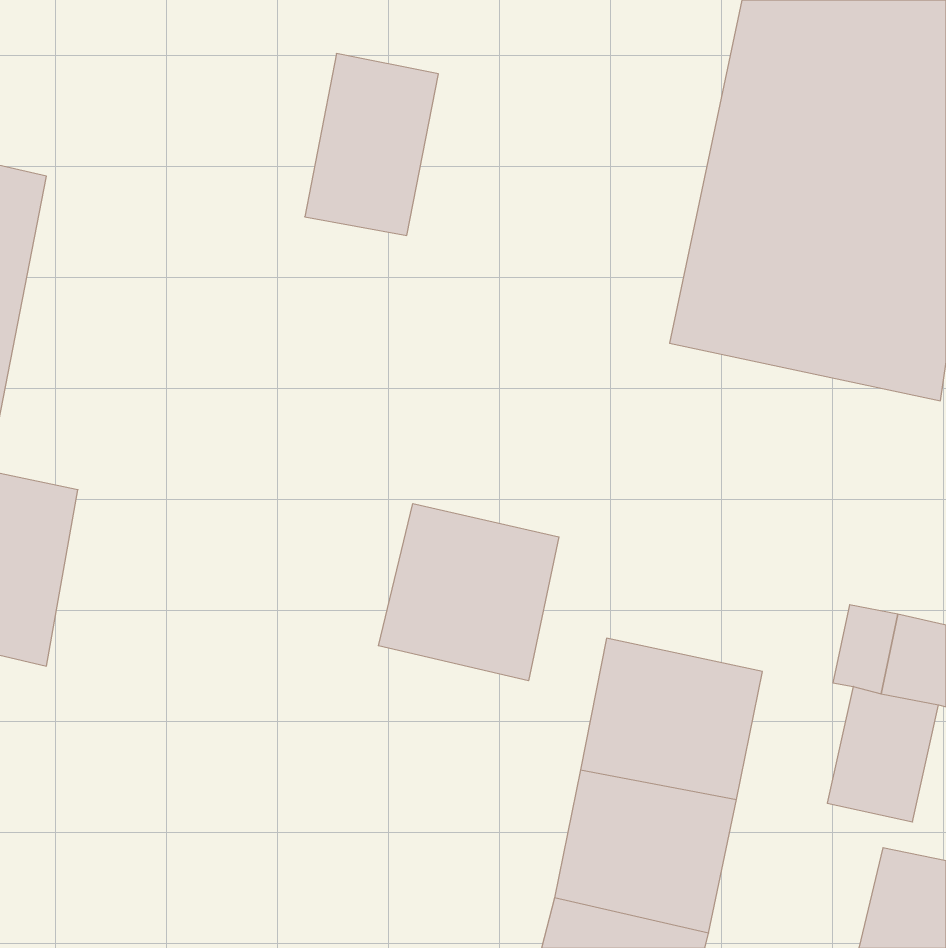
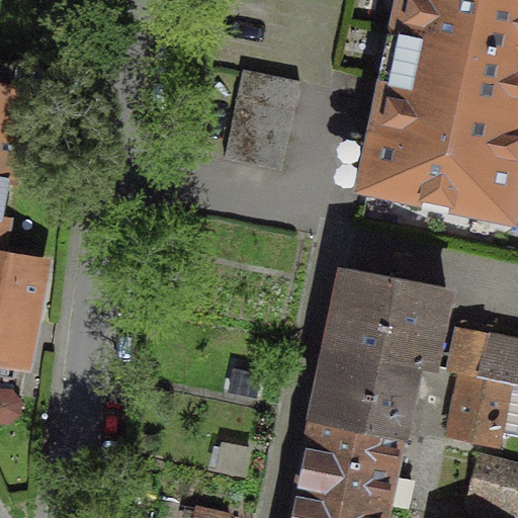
building: [305,54,438,235] -> [229,71,301,170]
building: none -> [331,270,434,366]
building: [378,504,559,681] -> none

